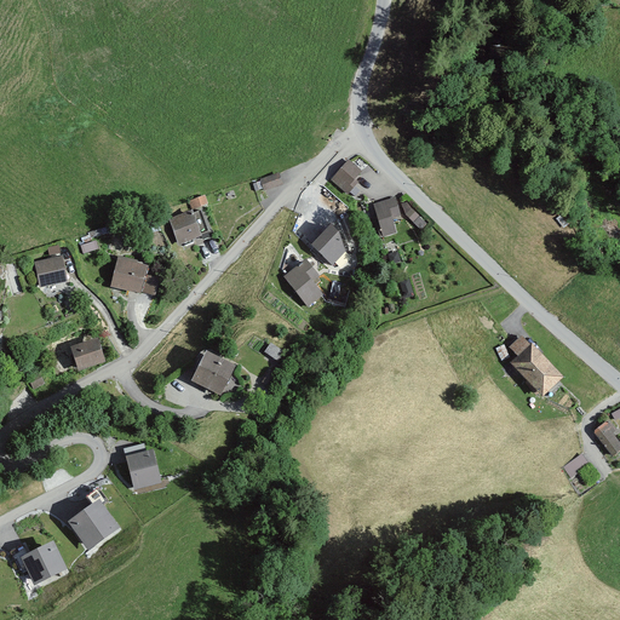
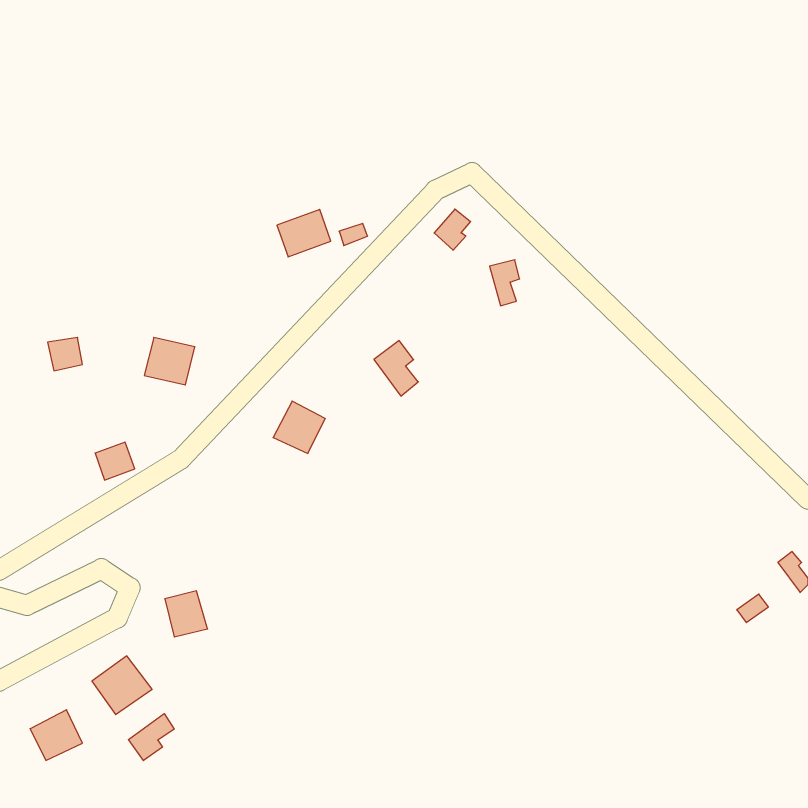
building: [163,207,205,243] -> [277,209,331,257]
building: [314,225,343,260] -> none
building: [511,337,559,392] -> none
building: [193,351,232,391] -> [273,401,325,453]
building: none -> [128,714,174,761]

